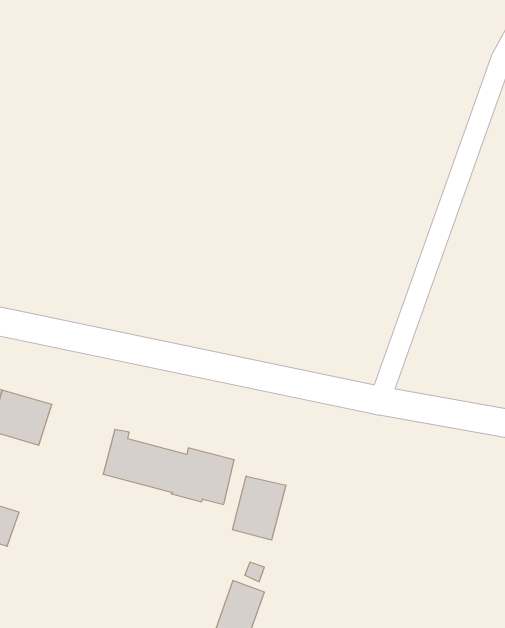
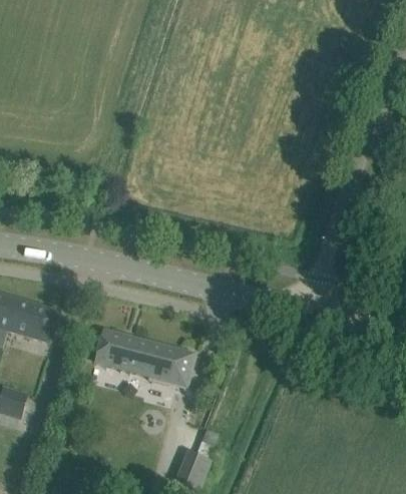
building: [232,476,286,540] -> none

